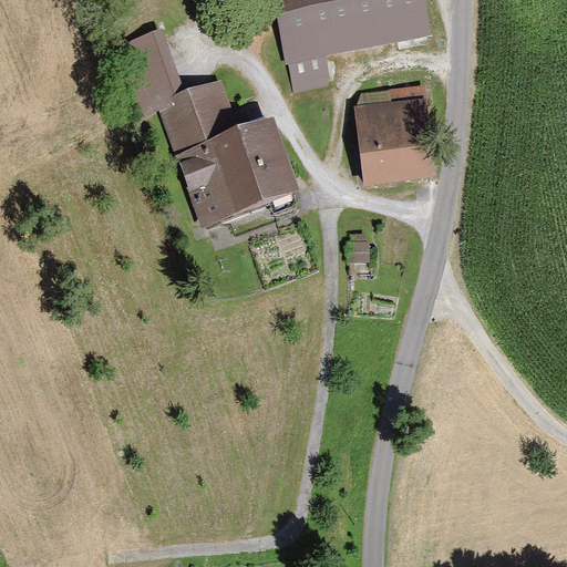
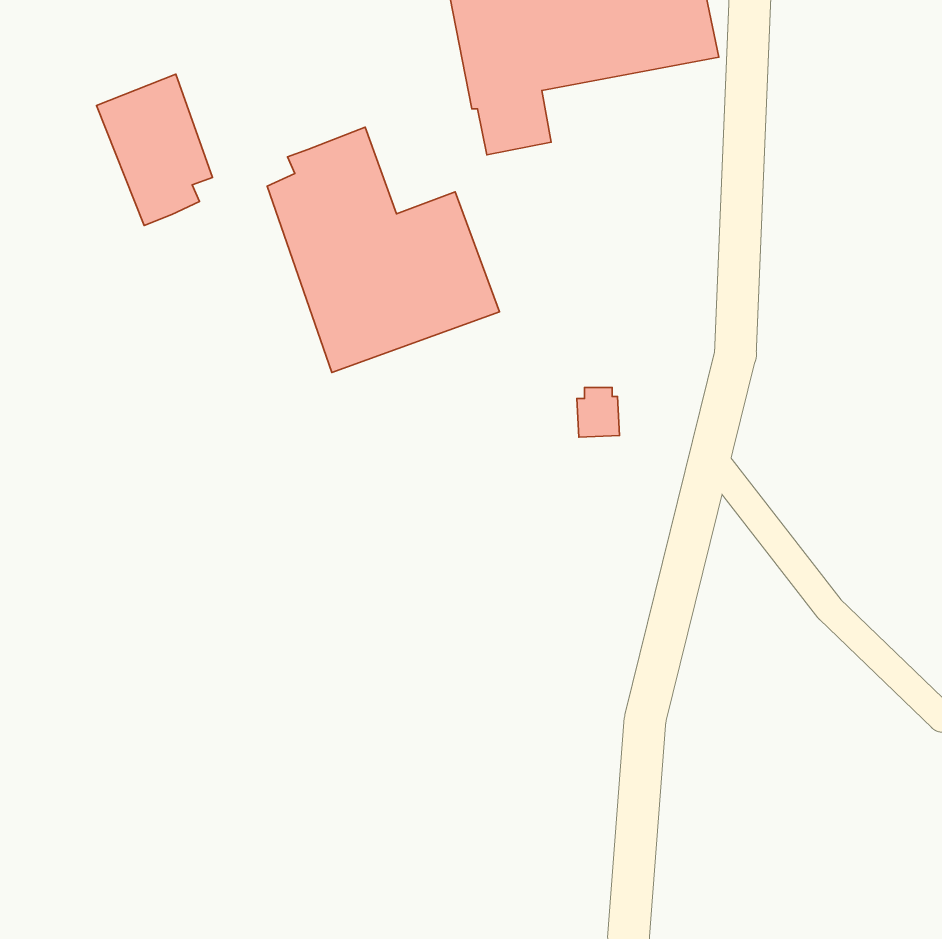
building: [115,28,185,118] -> [96,74,213,226]
building: [358,99,434,183] -> none

